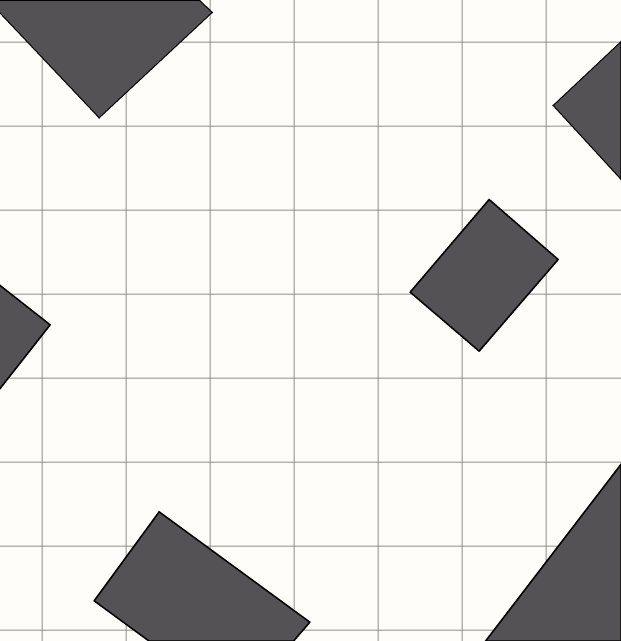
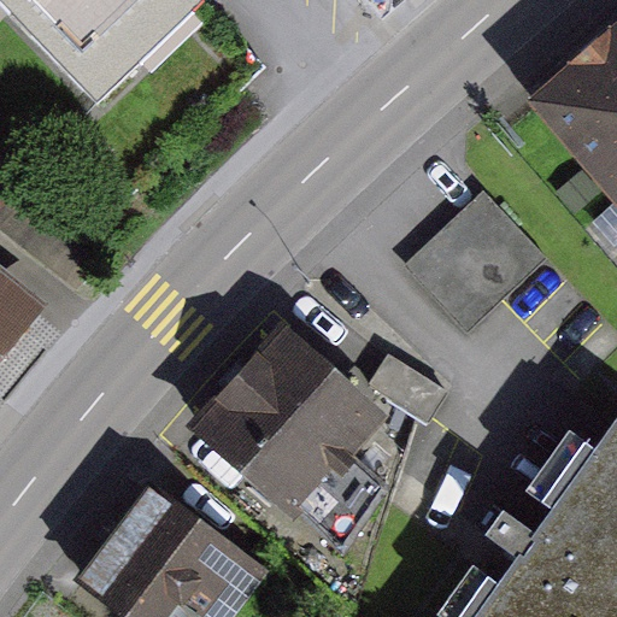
building: none -> [208,311,402,507]

